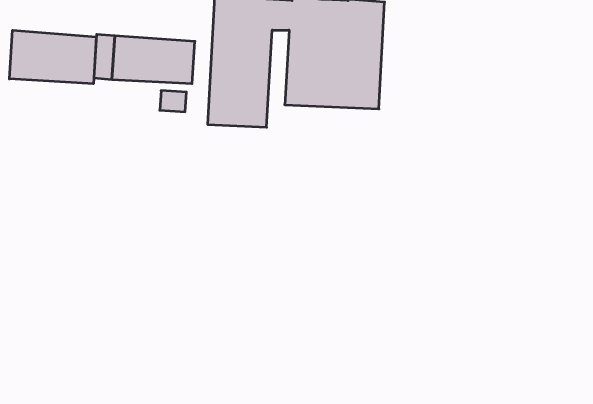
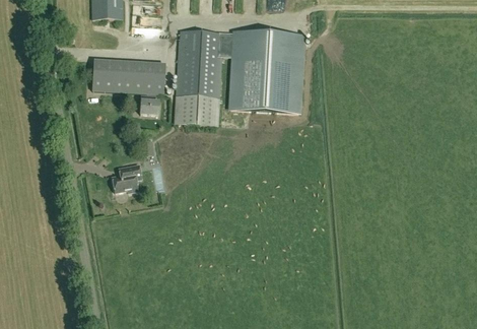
building: [9,30,96,84] -> none
building: none -> [113,163,141,192]

